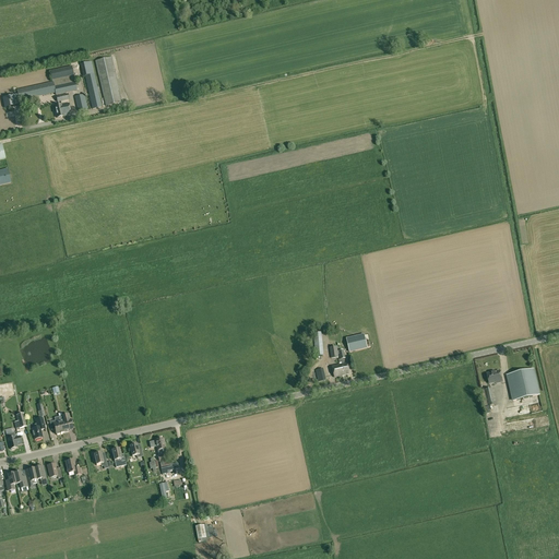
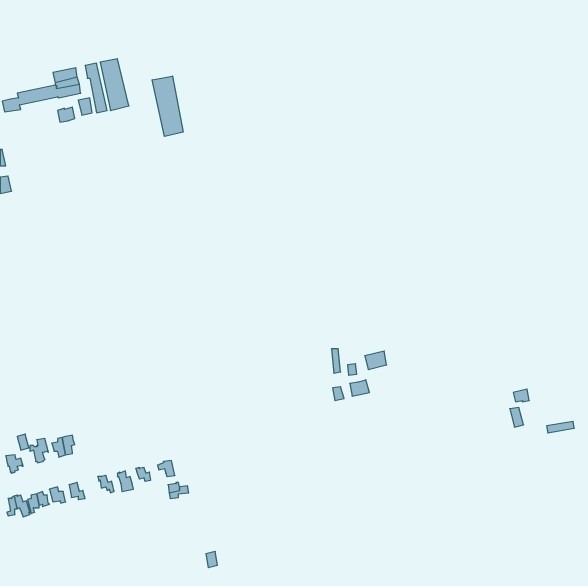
building: none -> [152,76,183,136]
building: [508,368,539,400] -> none

